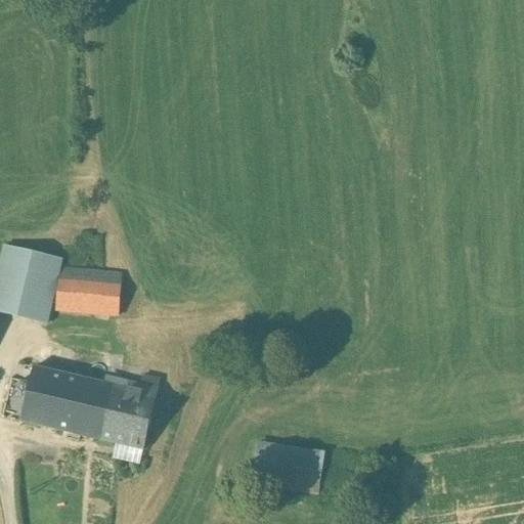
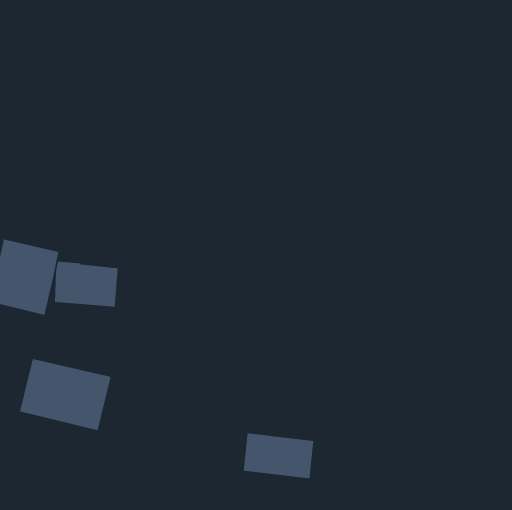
building: [100,378,157,462] -> none

